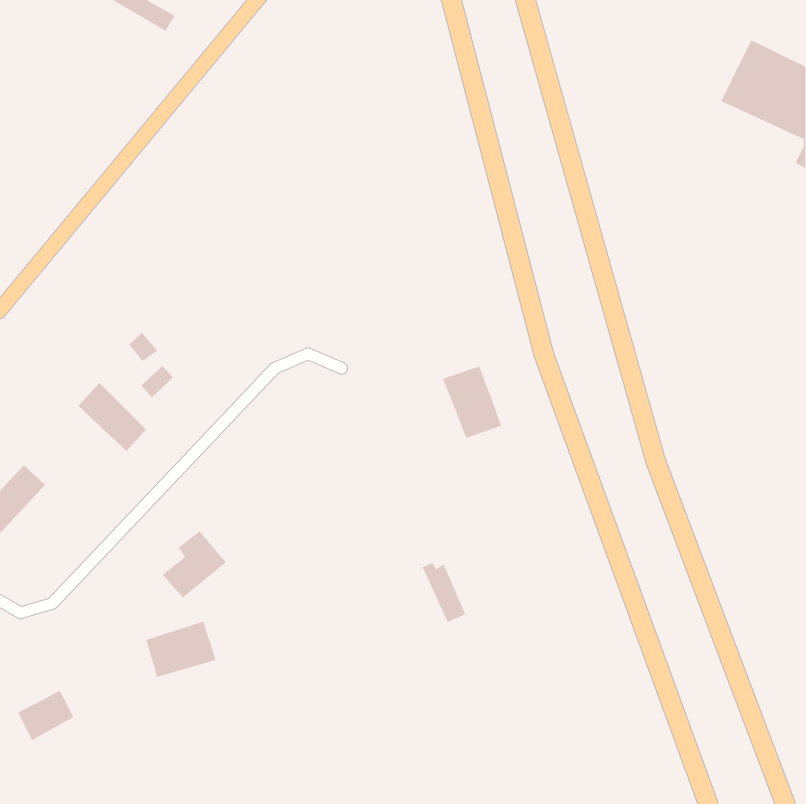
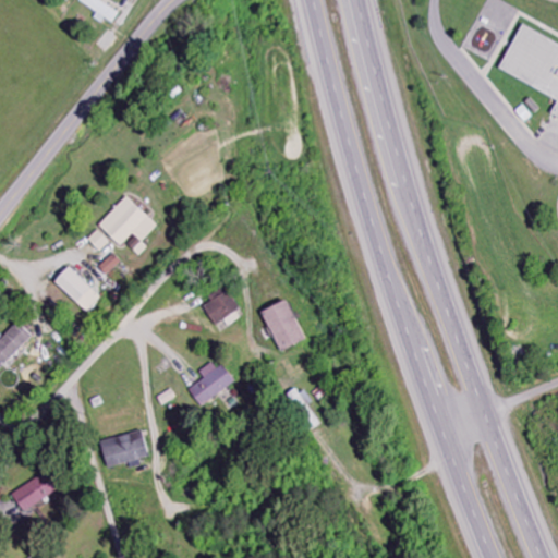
building: none -> [98,195,157,245]
building: [442,366,502,438] -> [260,300,302,350]
building: none -> [202,290,239,325]
building: [162,530,227,598] -> [189,359,233,405]

